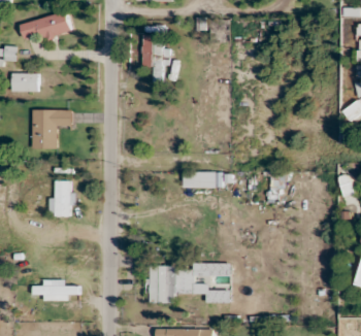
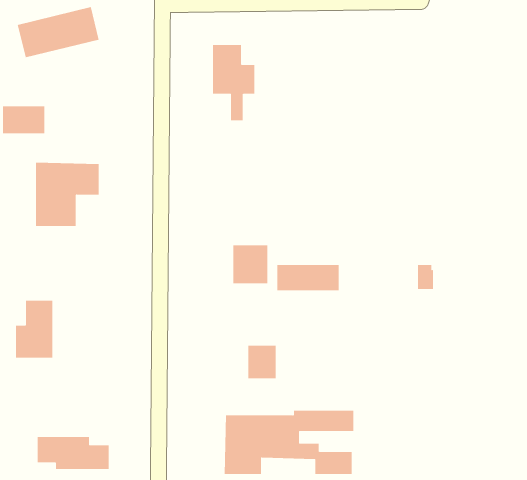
building: none -> [233,244,268,284]
building: [48,180,72,216] -> [15,300,53,358]
building: none -> [248,345,276,379]

